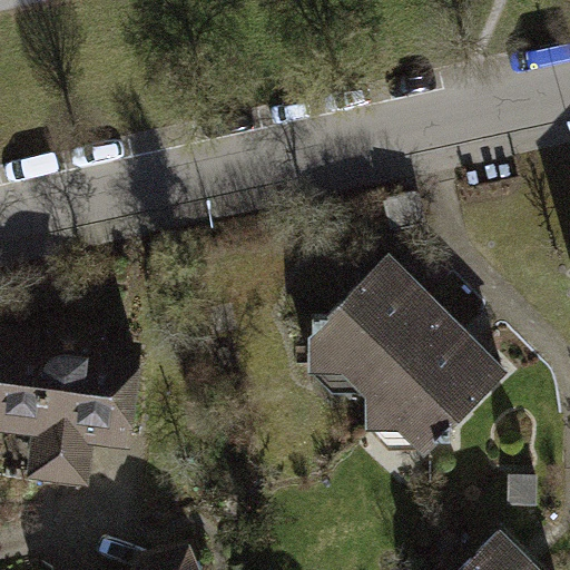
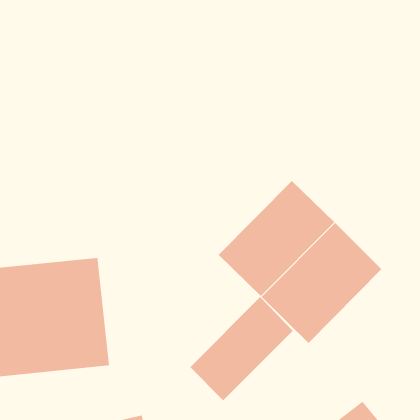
building: none -> [190,296,294,401]

